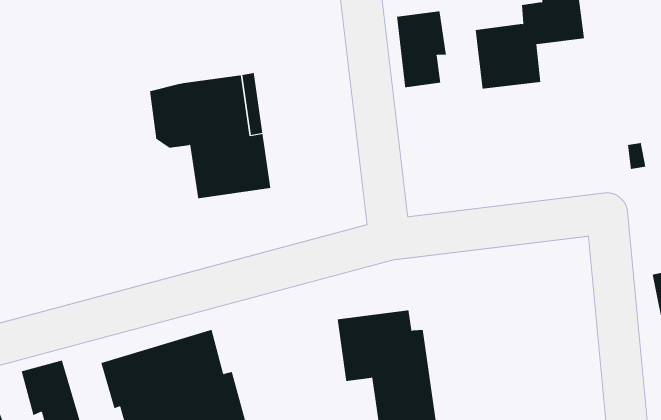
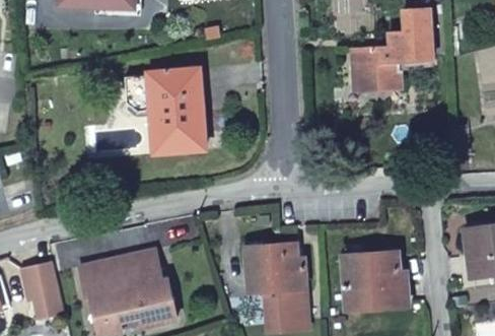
building: [396,10,446,88] -> none
building: none -> [342,251,407,308]

